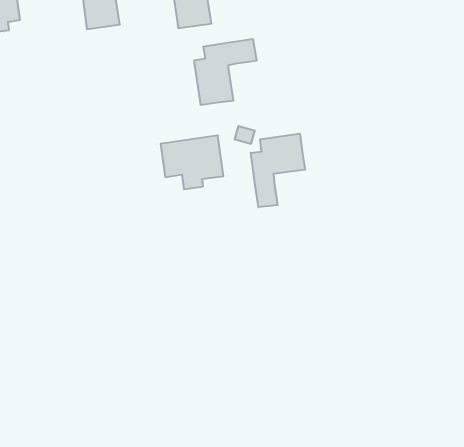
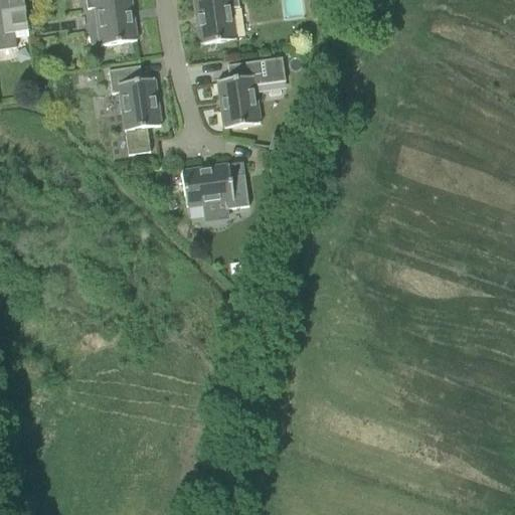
building: none -> [109,64,161,154]
building: [251,134,305,207] -> none

